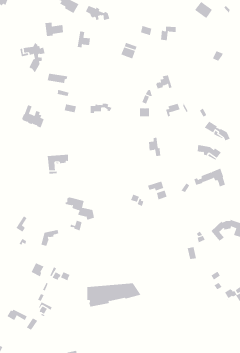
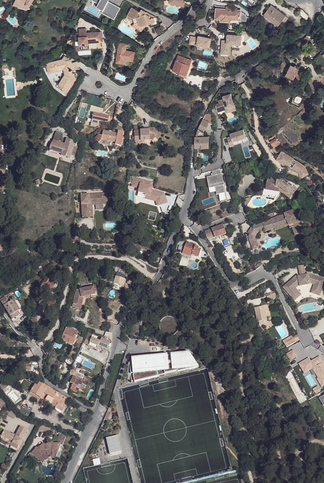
building: none -> [216,7,248,25]
building: [65,197,95,220] -> [129,176,166,205]

